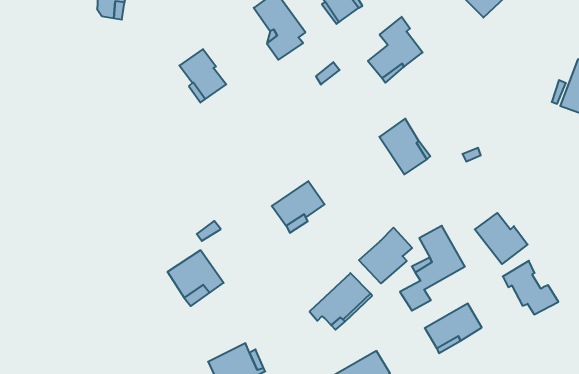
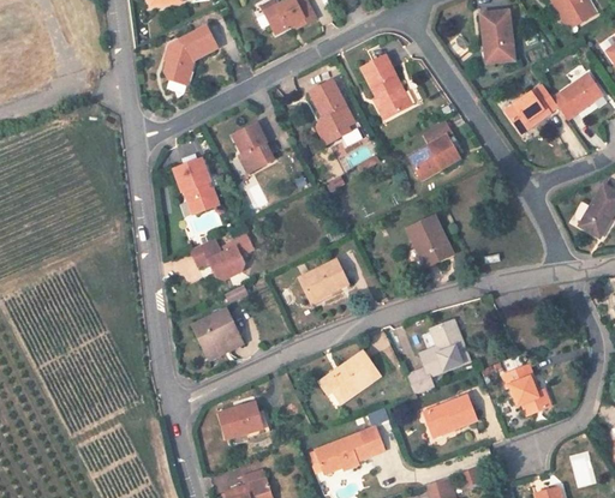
building: none -> [174,158,219,212]
building: none -> [190,238,244,280]
building: [475,213,528,264] -> none
building: [359,228,412,283] -> none

